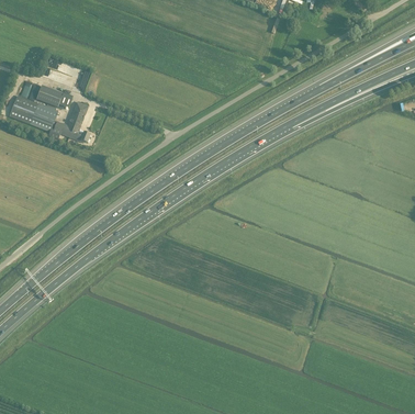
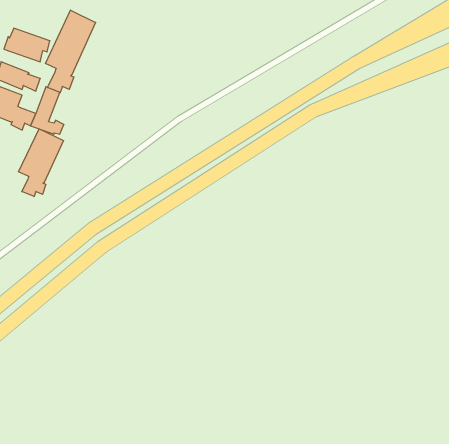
building: none -> [46,10,96,93]
building: none -> [19,129,64,197]

